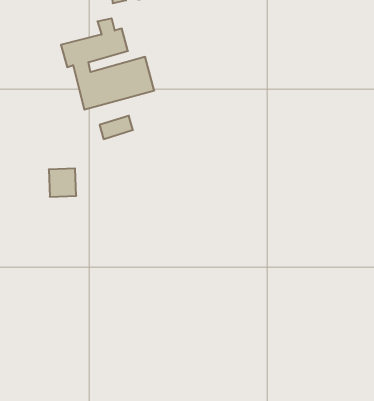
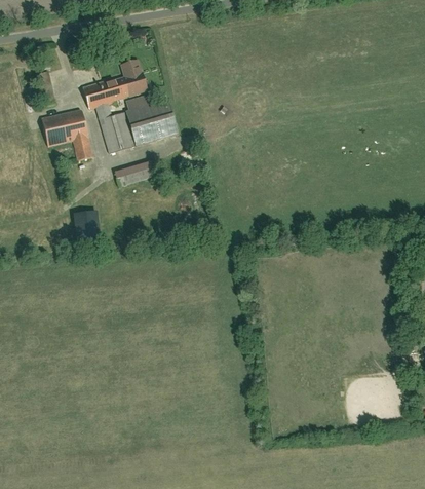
building: none -> [40,109,93,159]

